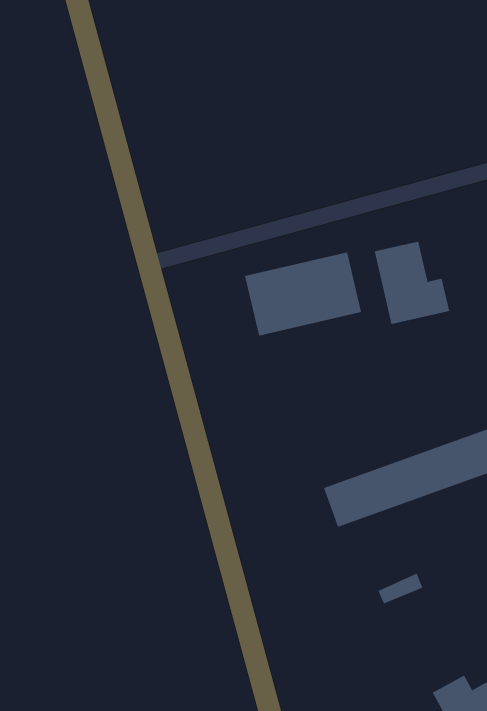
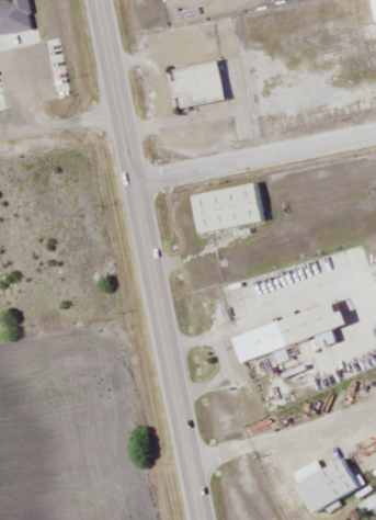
building: none -> [164,60,223,108]
building: [374,241,450,325] -> none

